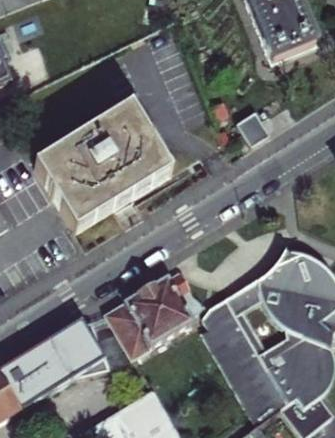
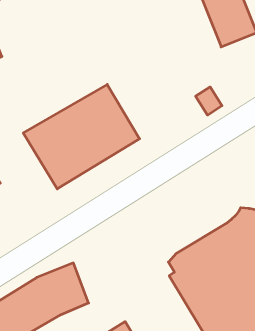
building: [106,270,202,354] -> none

